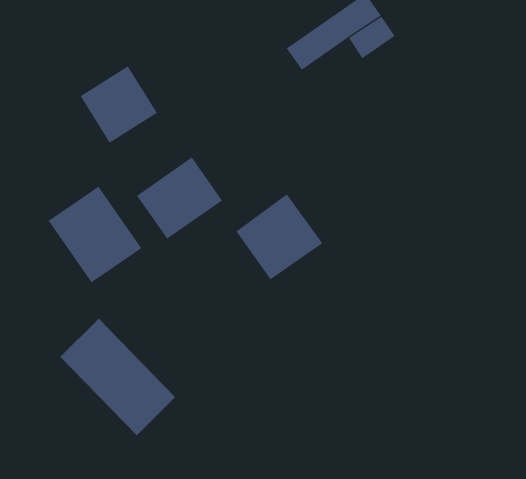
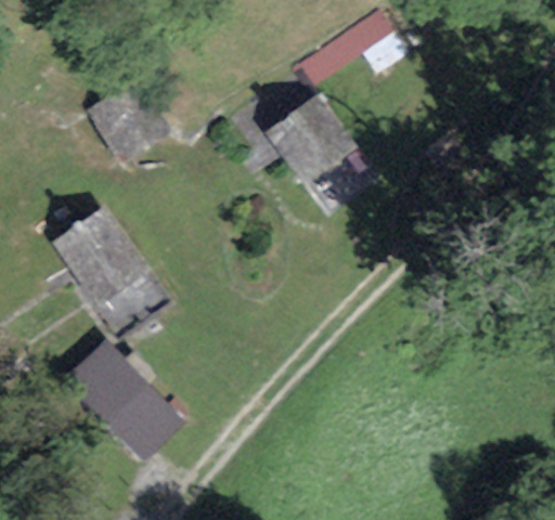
building: [136,157,223,239] -> none
building: [235,194,323,280] -> [263,95,353,184]

